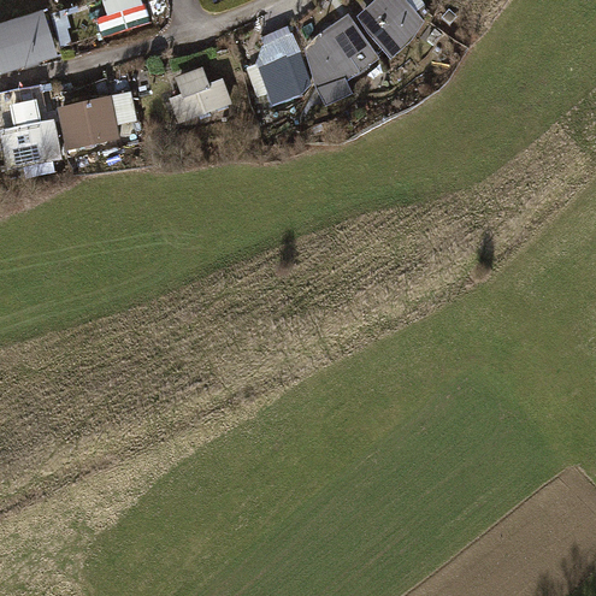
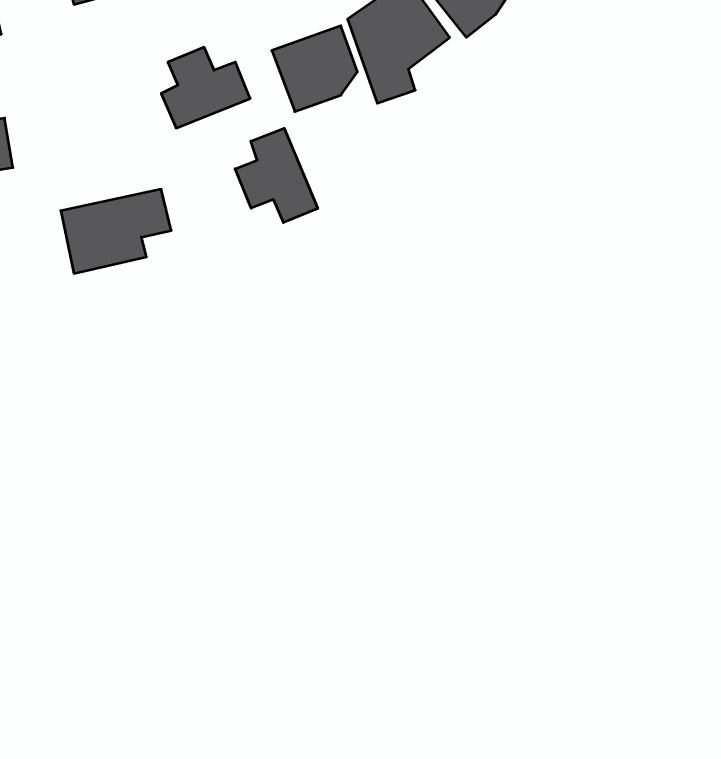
building: [57,88,137,149] -> [61,189,171,273]
building: none -> [235,128,318,223]

